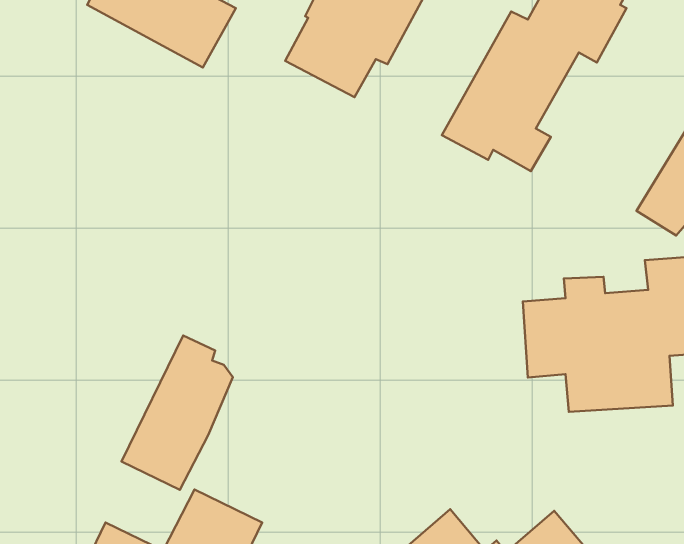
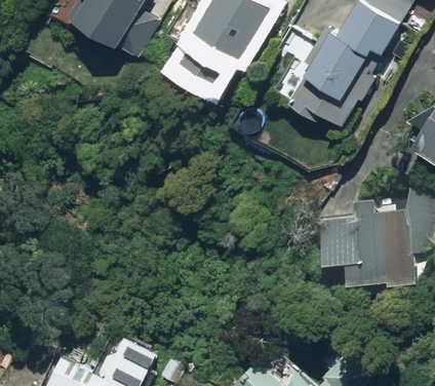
building: [122,335,233,490] -> none

